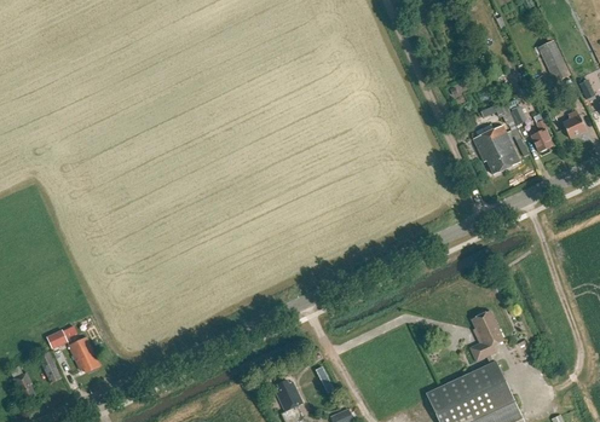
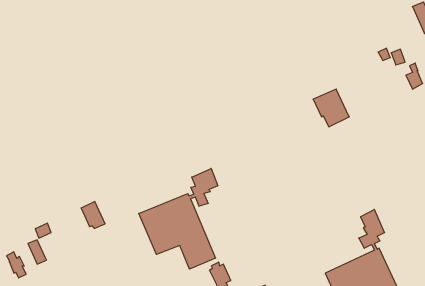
building: [473,125,520,174] -> [313,89,349,127]
building: none -> [139,168,218,269]
building: [69,336,100,371] -> [81,202,105,228]

